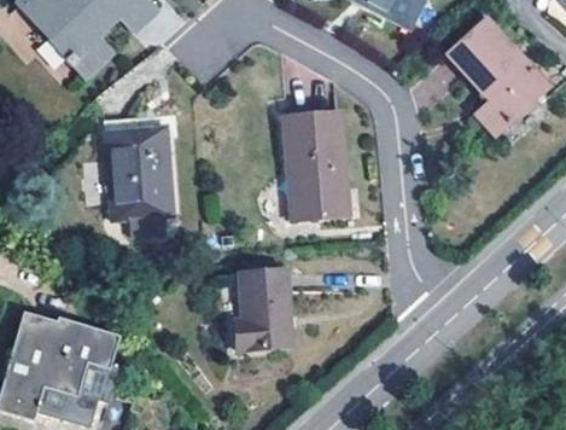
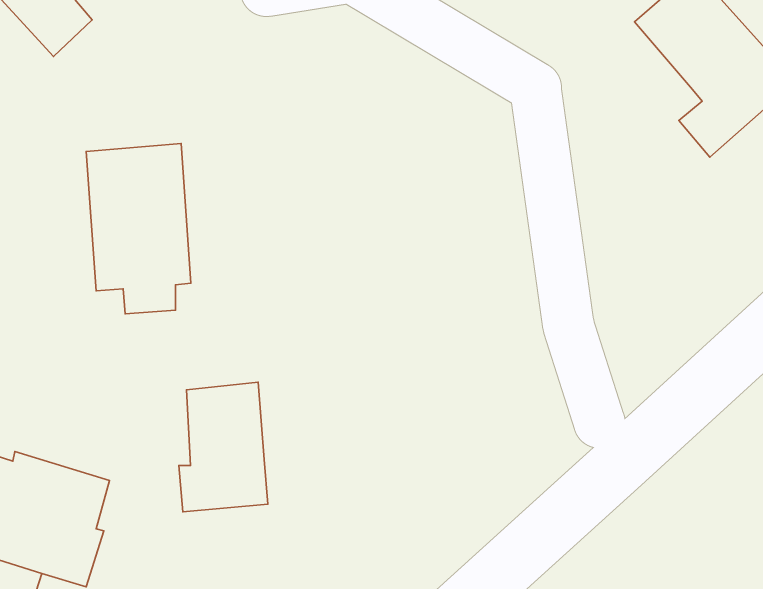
building: [284,110,348,219] -> none
building: [239,269,294,350] -> [179,382,268,512]

